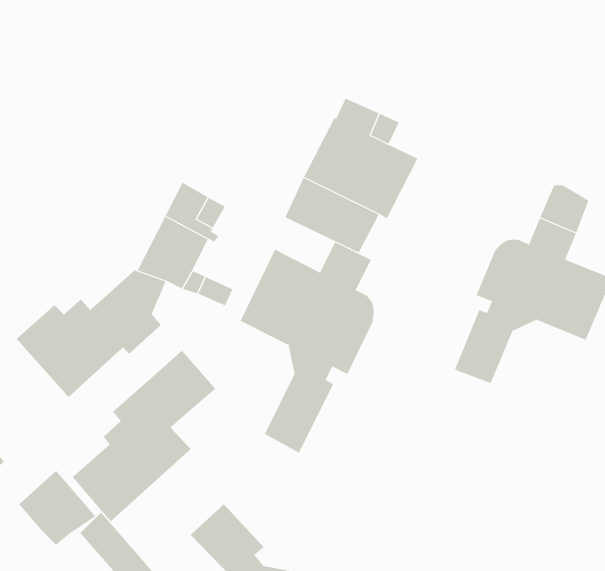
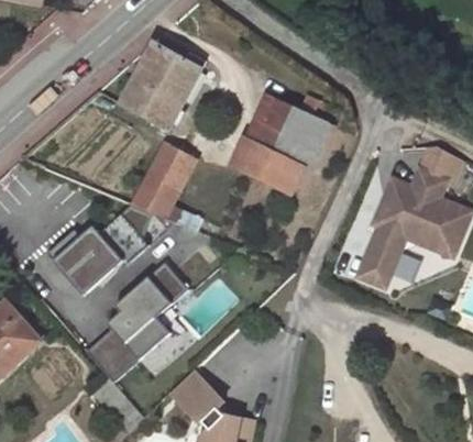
building: none -> [121,41,199,130]
building: [240,242,374,453] -> none
building: [19,470,96,546] -> none

